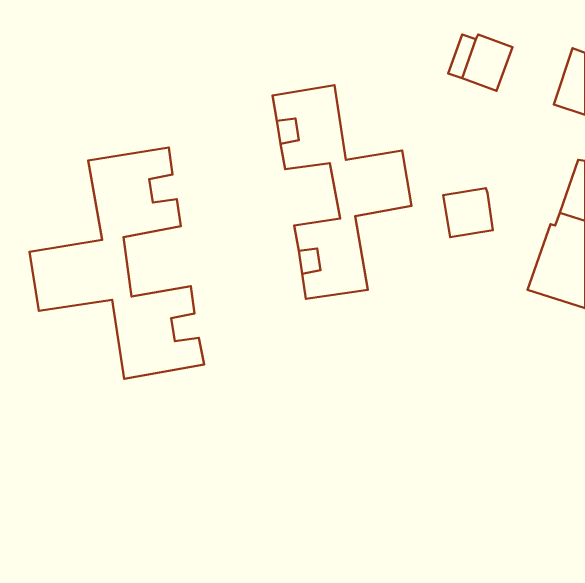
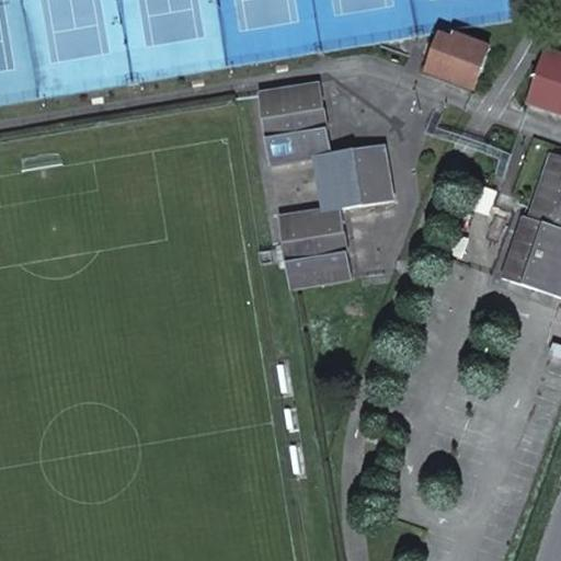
building: [29,147,204,379] -> none
building: [443,188,493,237] -> none

